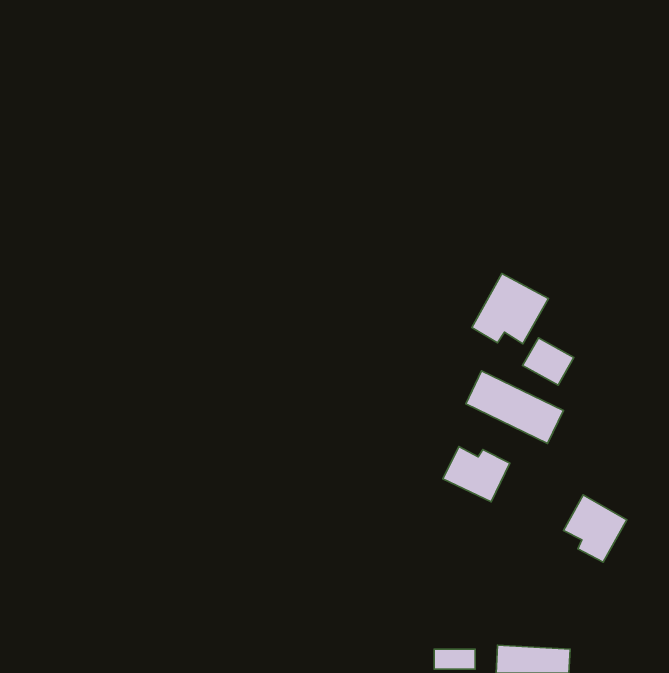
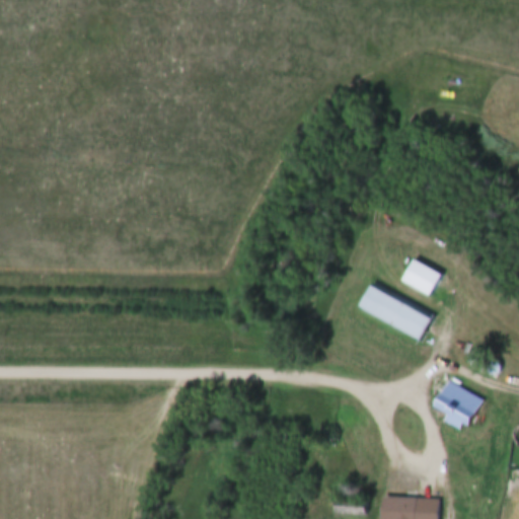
building: [472,273,548,344] -> none
building: [443,446,510,502] -> none

